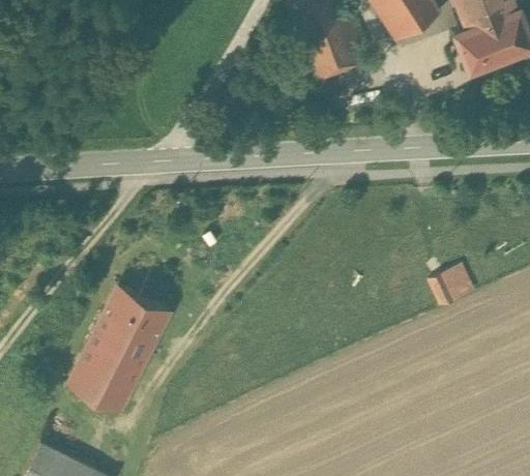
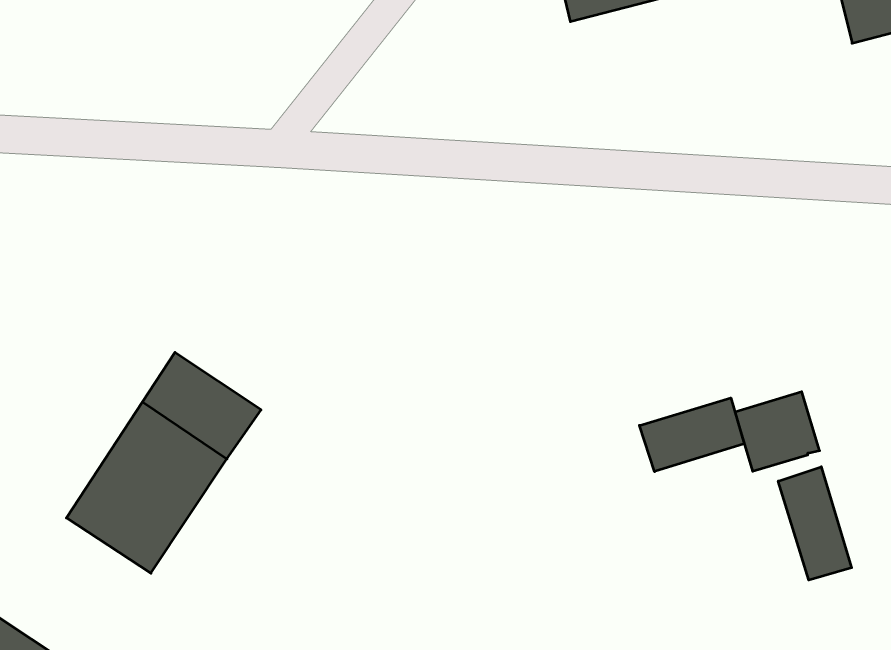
building: none -> [639,398,744,472]
building: none -> [778,467,852,580]

